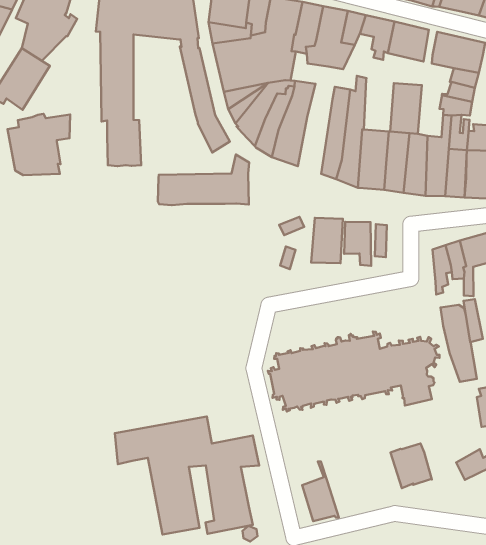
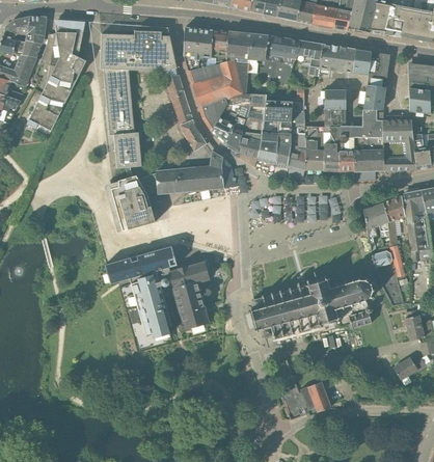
building: none -> [259,93,280,161]
building: [7,114,70,175] -> [110,173,157,221]
building: [115,417,259,535] -> [104,245,213,335]
building: [391,444,432,488] -> [299,381,331,415]

